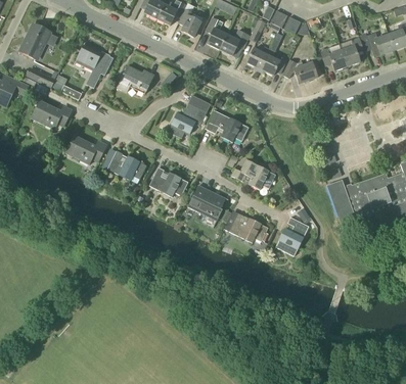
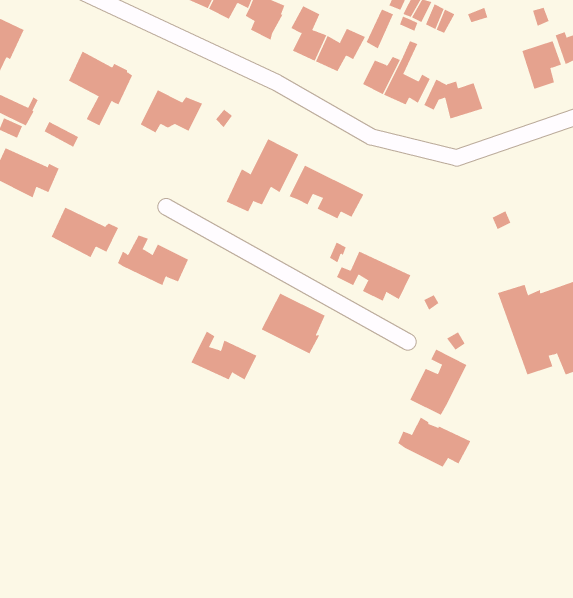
building: [320,43,348,70] -> none
building: [149,166,188,195] -> [191,331,257,380]
building: [225,212,268,242] -> [398,417,471,468]

